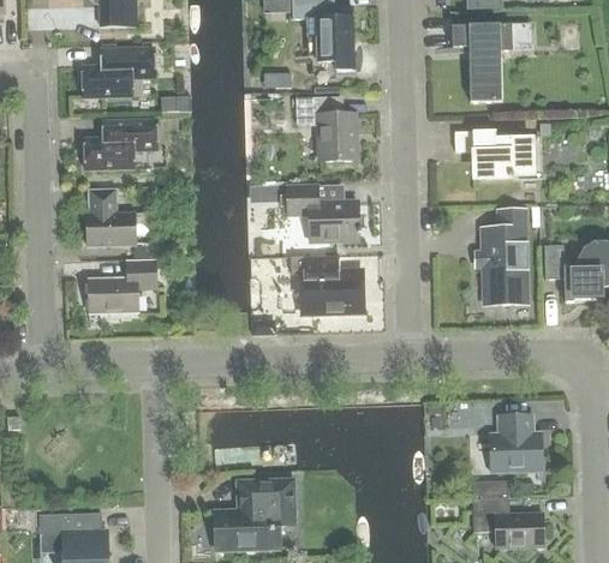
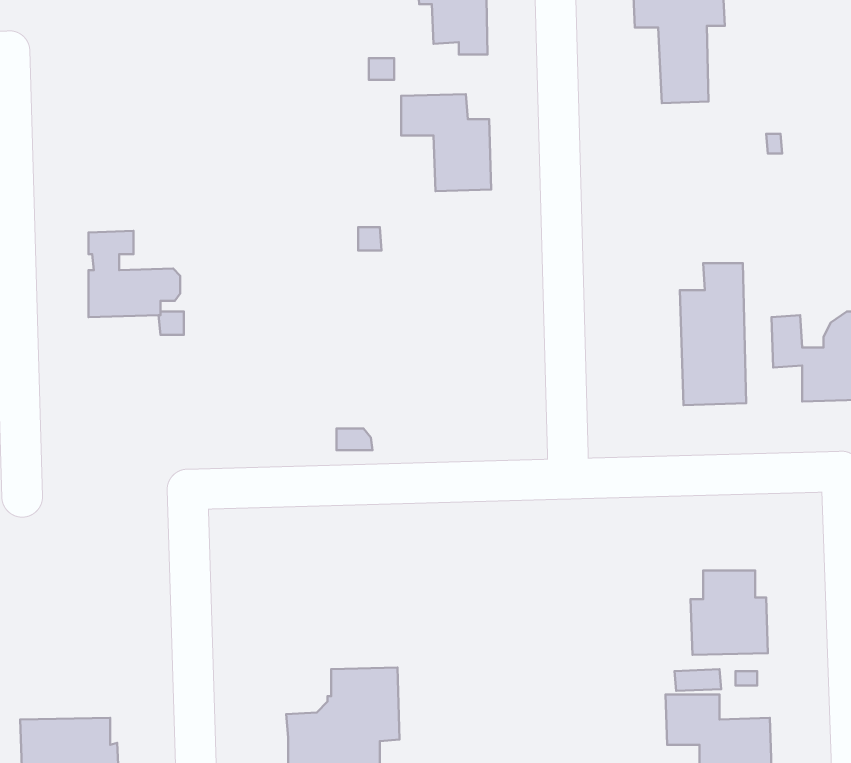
building: [82,47,154,97] -> none
building: [84,119,156,169] -> none
building: [454,130,530,178] -> none
building: [286,185,358,241] -> none
building: [289,254,360,313] -> none
building: [88,259,156,313] -> none

